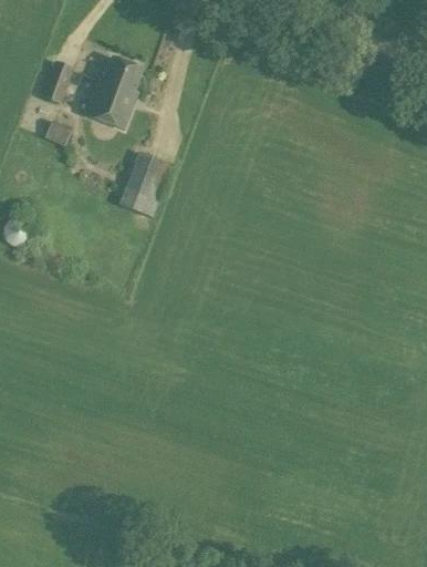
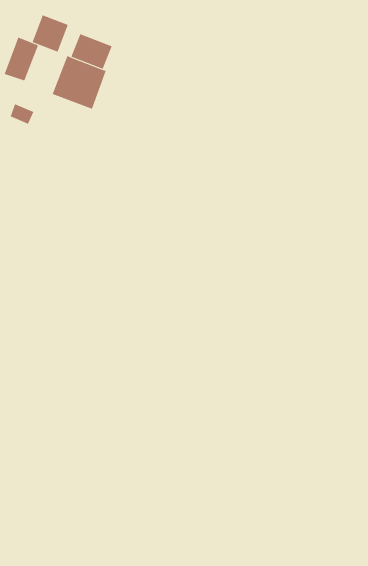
building: none -> [32,15,69,52]
building: [118,151,171,217] -> none

